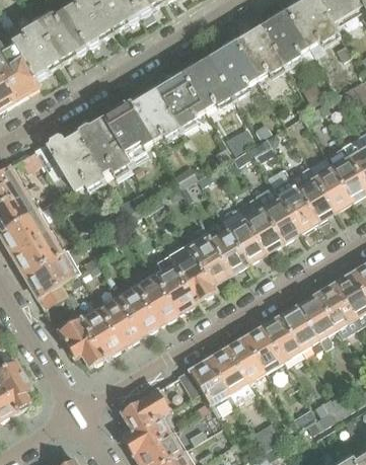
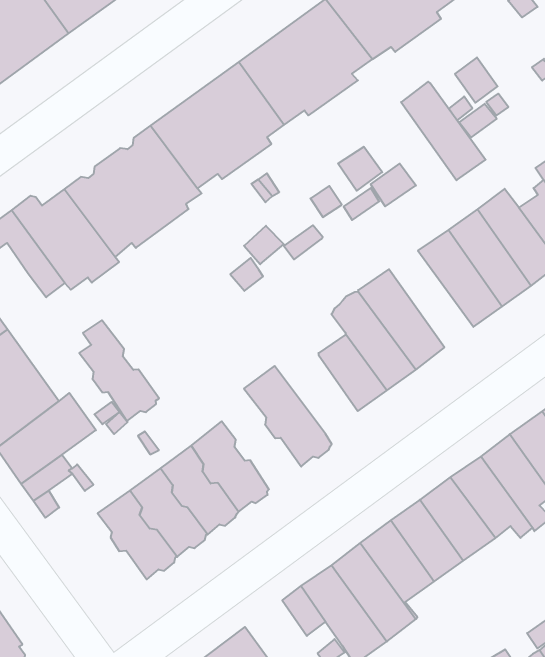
building: [255,185,300,242] -> [401,82,486,180]
building: [187,232,231,285] -> none
building: [154,255,197,313] -> [79,320,159,421]
building: [59,318,104,366] -> none

